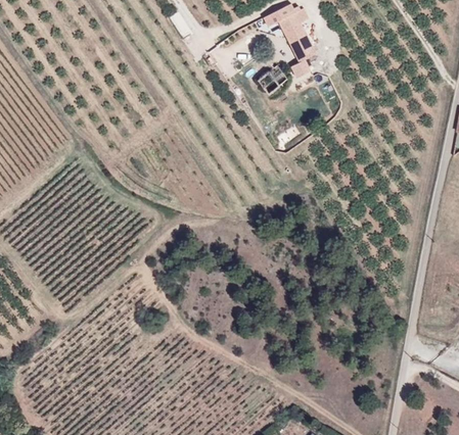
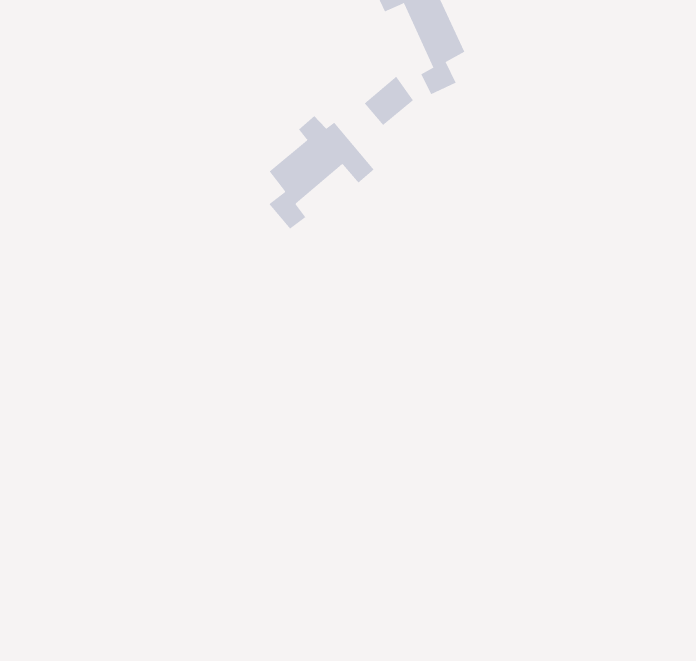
building: none -> [269,115,375,230]

